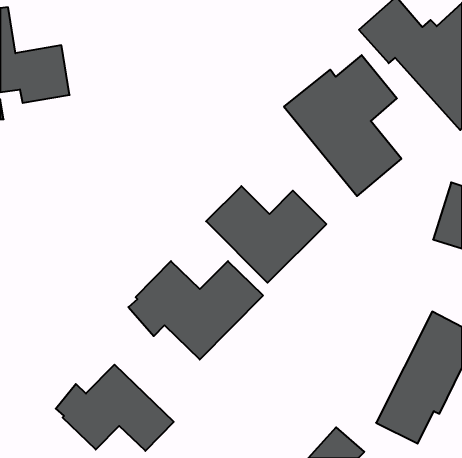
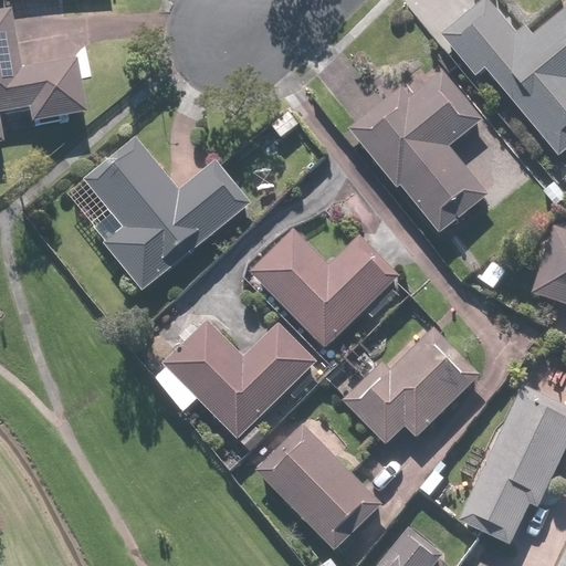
building: none -> [69,138,255,294]
building: none -> [340,325,481,447]
building: none -> [256,421,385,548]
building: [56,365,174,451] -> none

